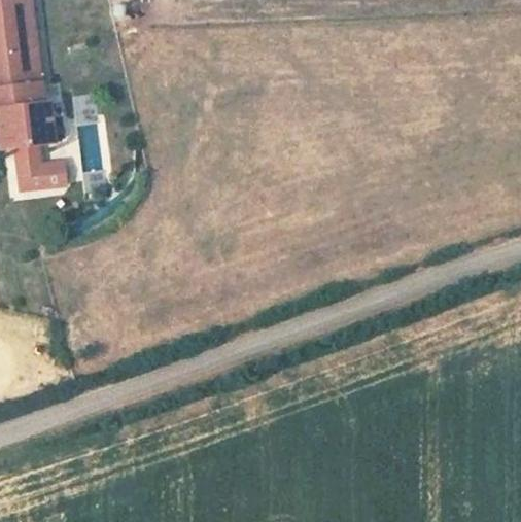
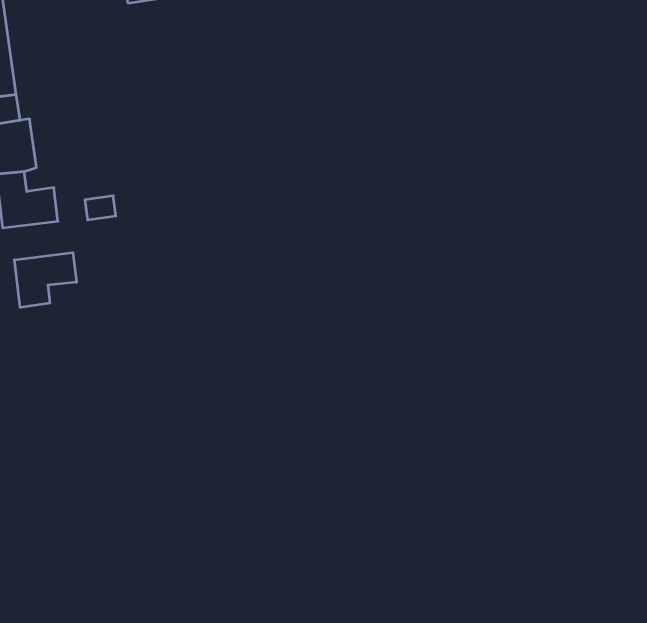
building: none -> [14,253,77,307]

